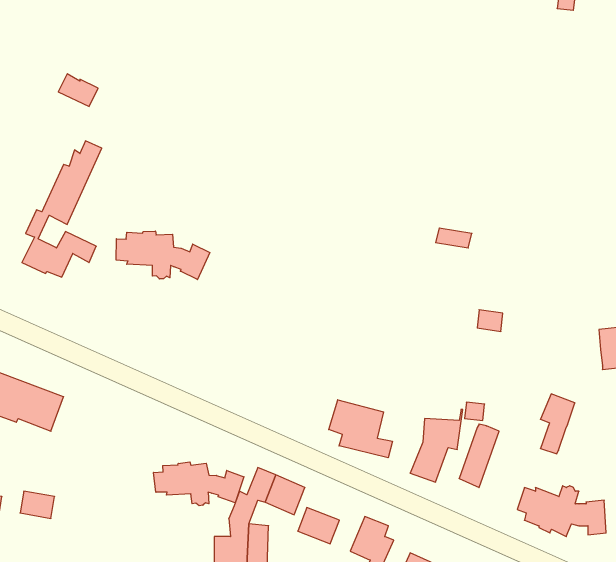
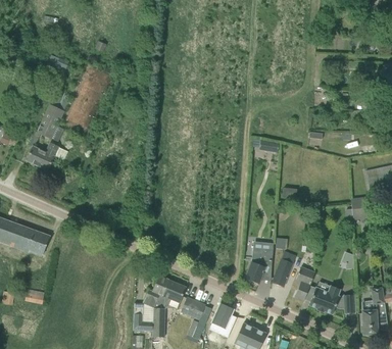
building: [116,231,210,280] -> none
building: [540,394,575,454] -> [295,267,314,301]
building: [329,400,392,458] -> none
building: [154,462,244,506] -> none

